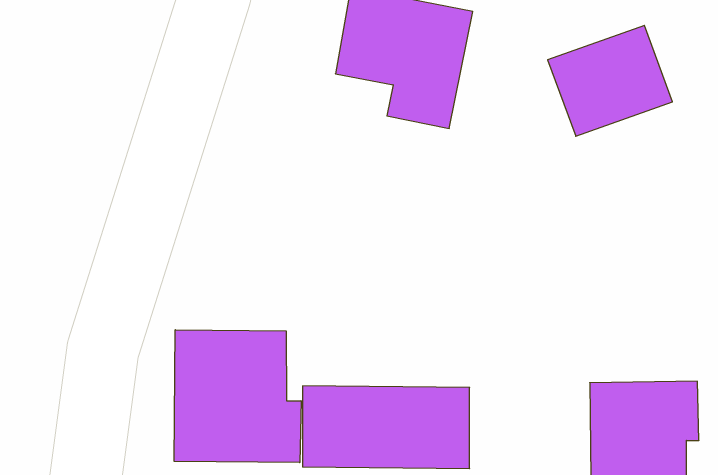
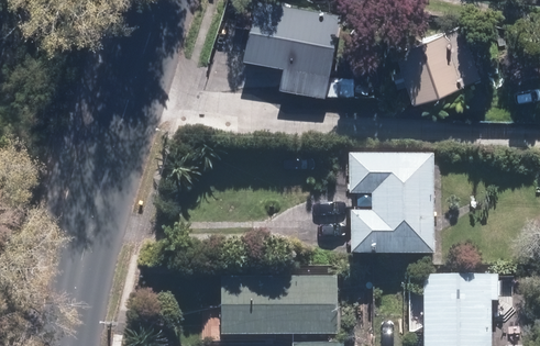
building: none -> [350,153,434,254]
building: [174,330,301,463] -> none

